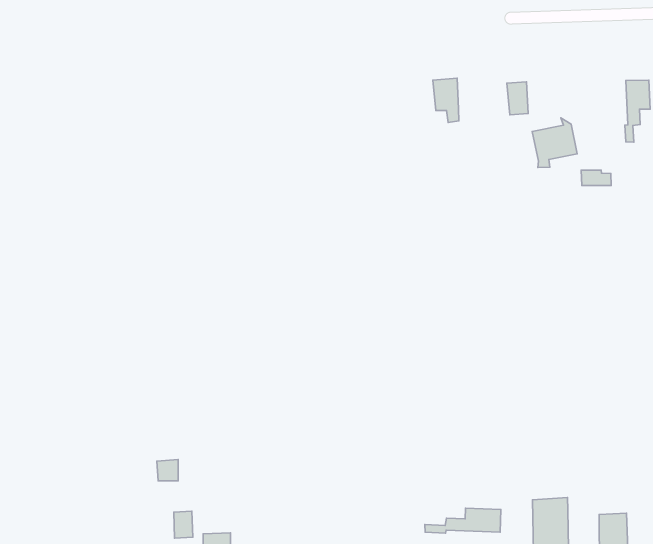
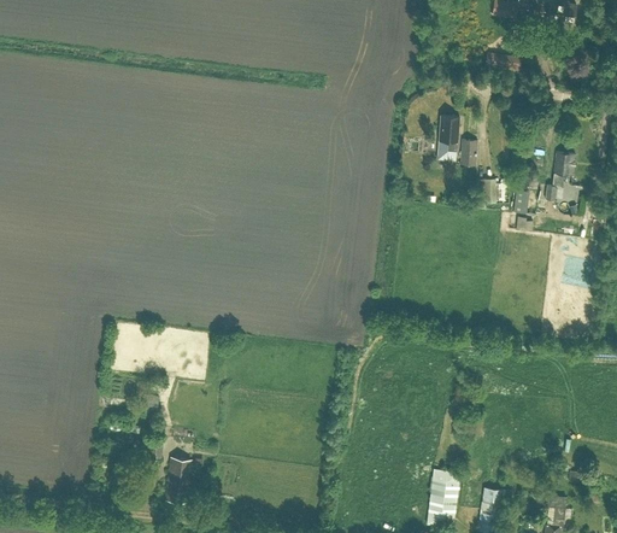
building: [433,78,459,122] -> [439,116,459,151]
building: [425,508,501,533] -> none

